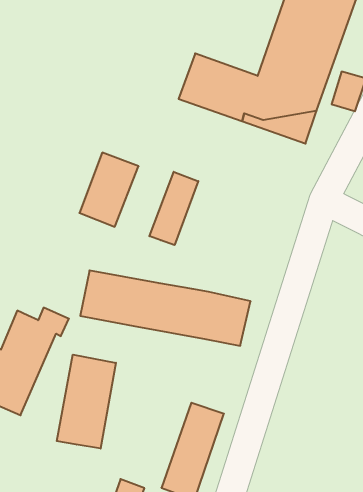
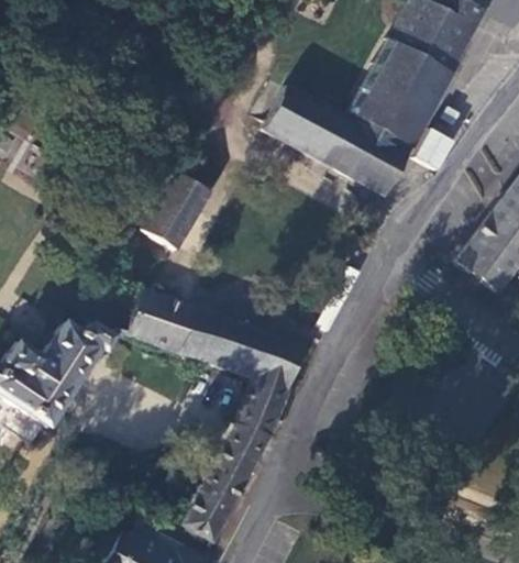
building: [149,172,198,245] -> none
building: none -> [225,380,285,460]
building: [57,355,116,449] -> none

